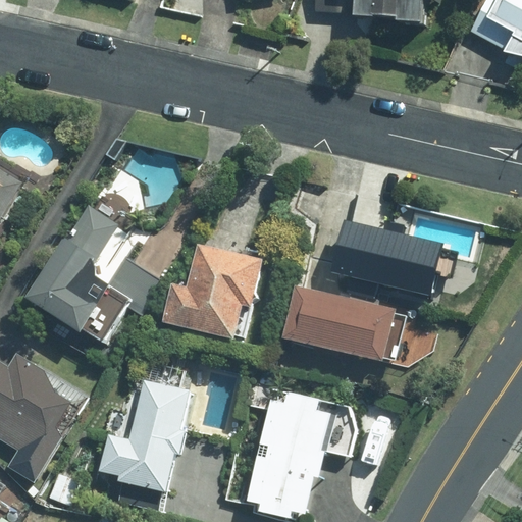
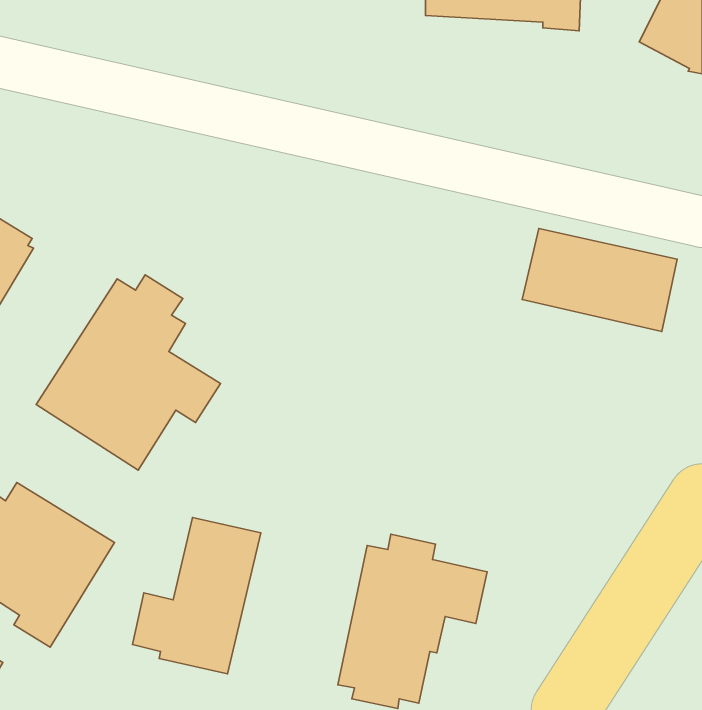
building: [330,220,443,296] -> [522,228,677,332]
building: [161,243,262,338] -> none
building: [281,284,396,361] -> none

